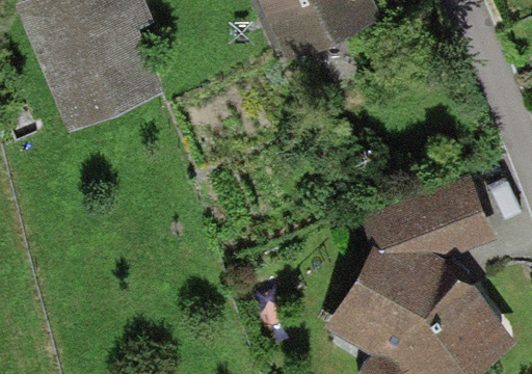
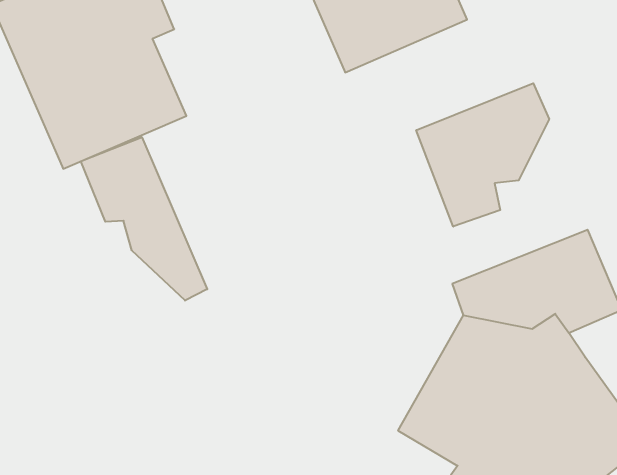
building: none -> [416,83,549,227]
building: none -> [81,137,207,301]

